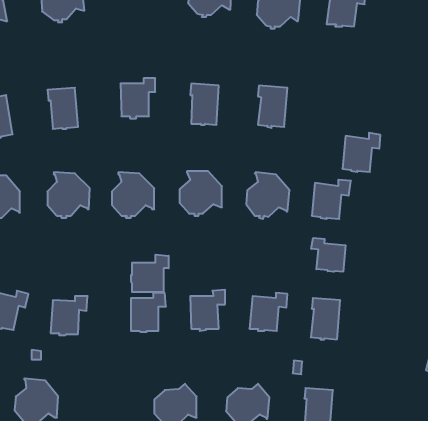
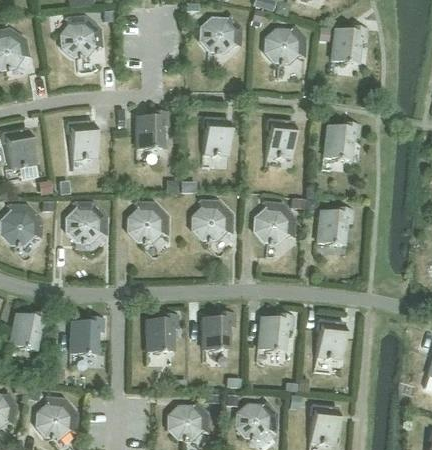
building: [342,133,380,172] -> [324,123,360,160]
building: [311,238,346,272] -> none
building: [131,255,169,292] -> none

